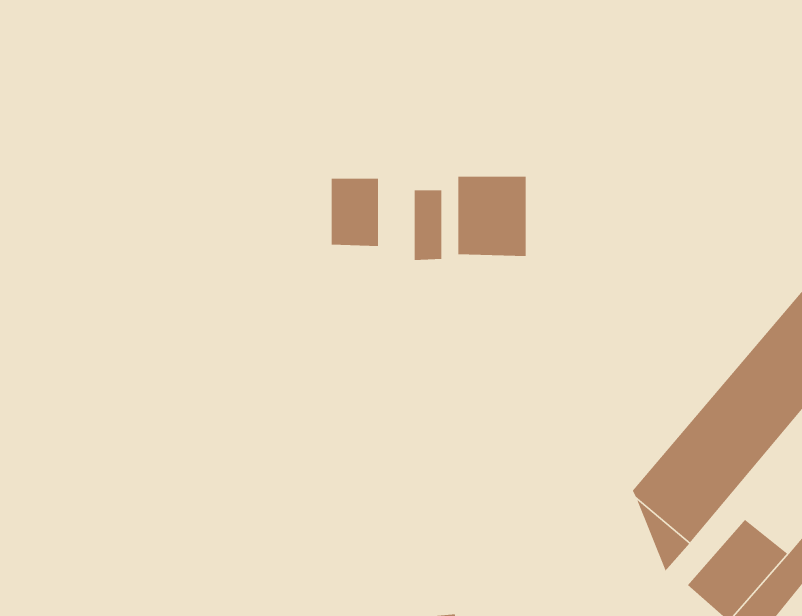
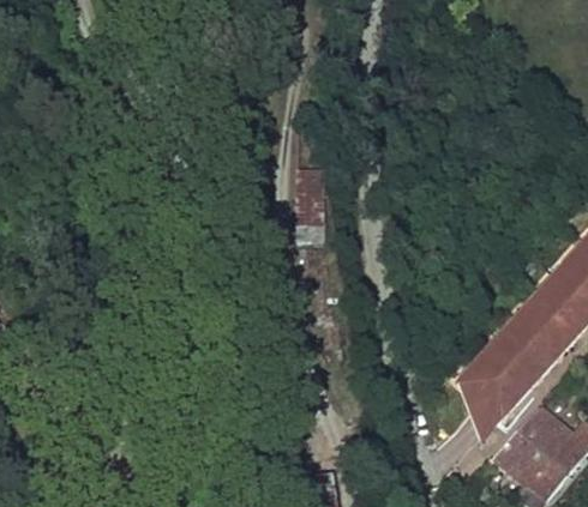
building: [457,176,527,257] -> none
building: [331,178,379,247] -> none

